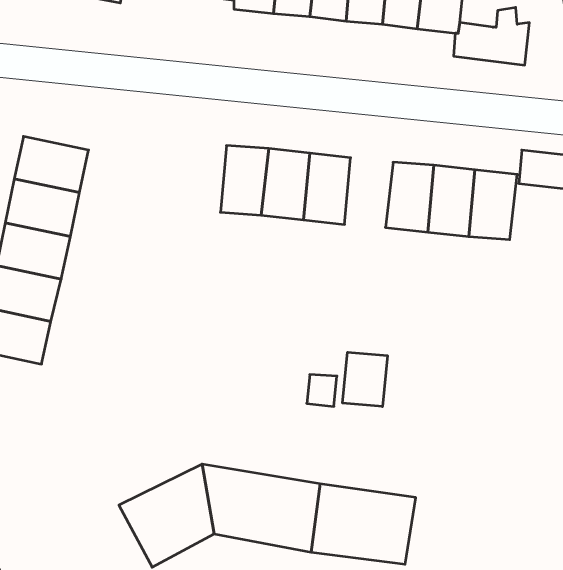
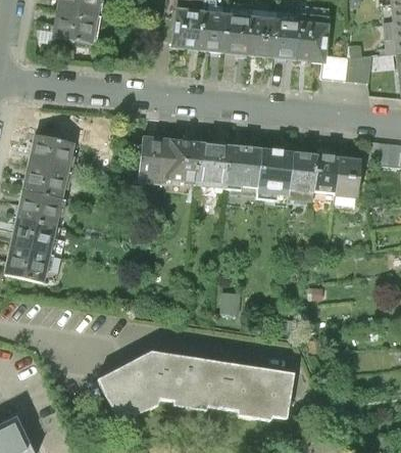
building: none -> [136,135,167,183]
building: none -> [247,146,280,193]
building: [343,352,387,407] -> none

